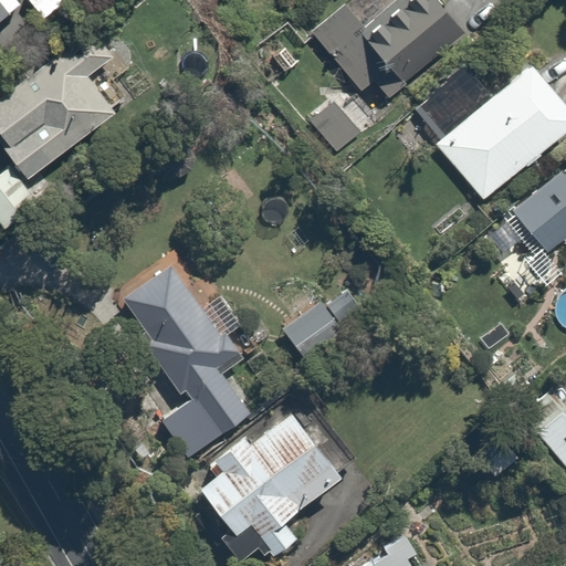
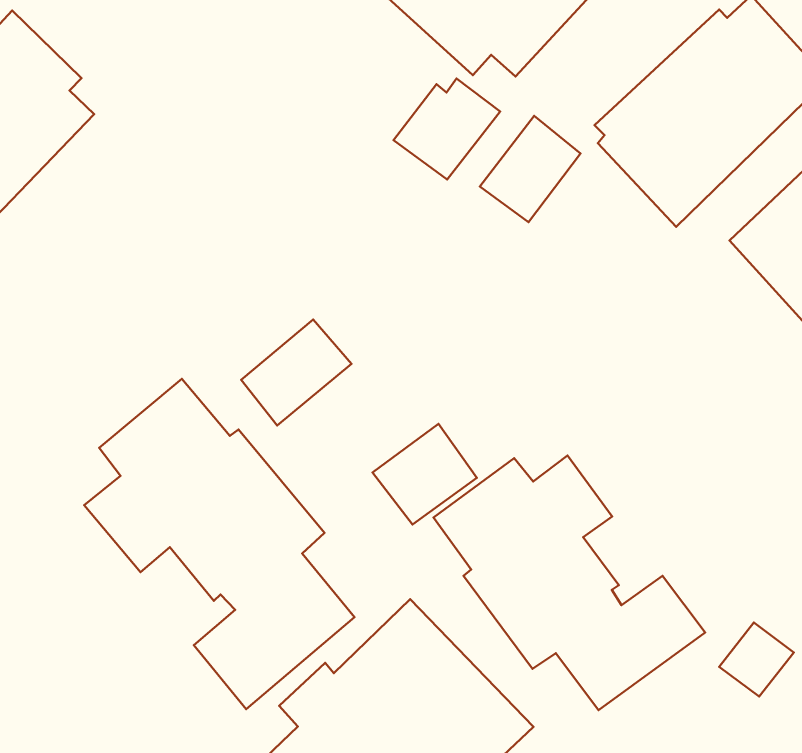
building: none -> [480,116,581,222]
building: none -> [241,320,351,425]
building: none -> [434,455,705,710]

